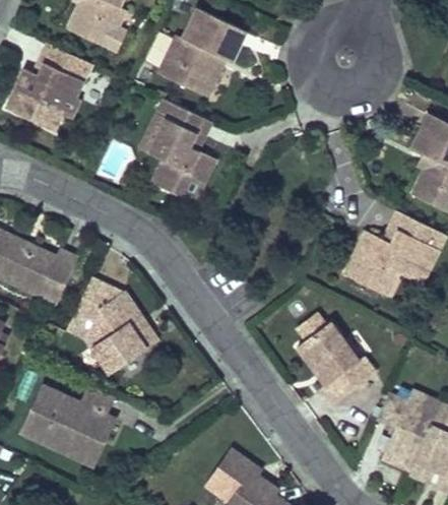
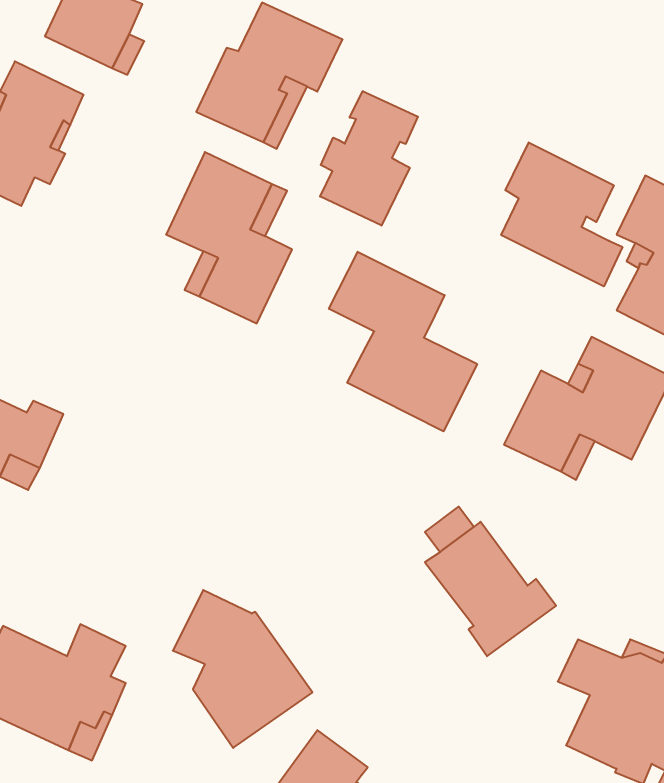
building: none -> [320,91,418,226]
building: none -> [501,142,622,286]
building: none -> [329,252,477,431]
building: [74,278,158,374] -> [173,590,312,748]

